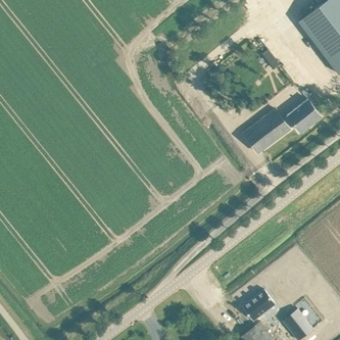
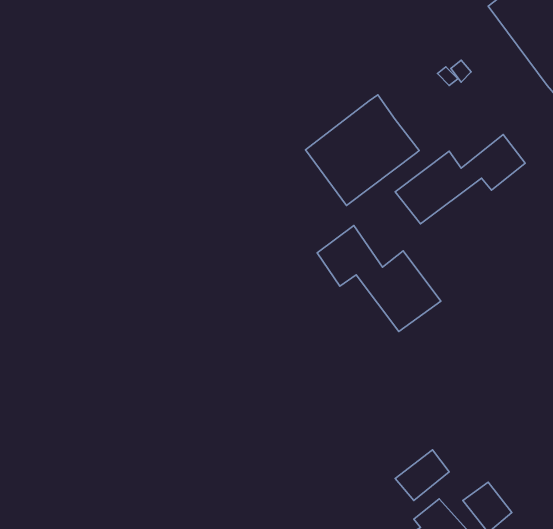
building: none -> [305,95,419,205]
building: none -> [317,226,441,332]

